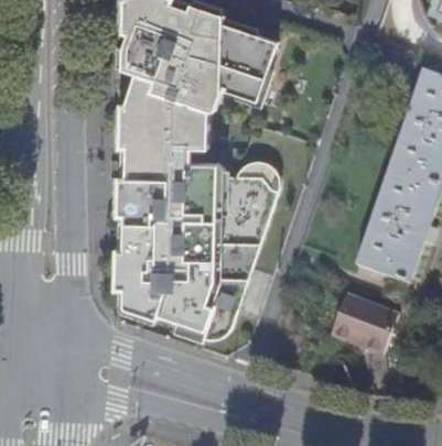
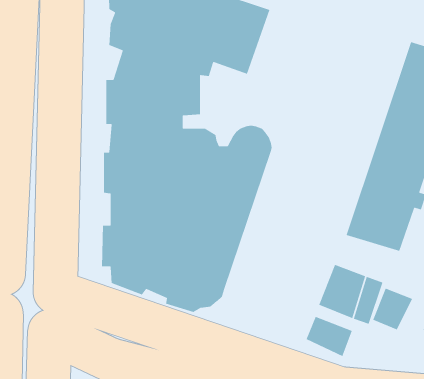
building: none -> [372,288,413,330]
building: none -> [305,316,353,357]

